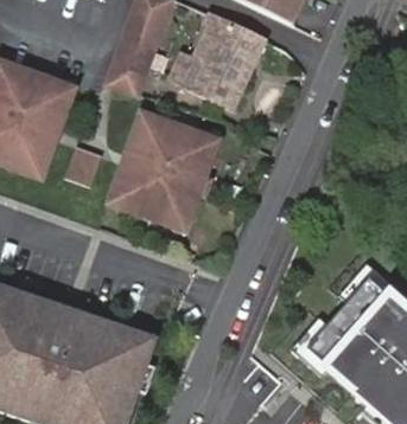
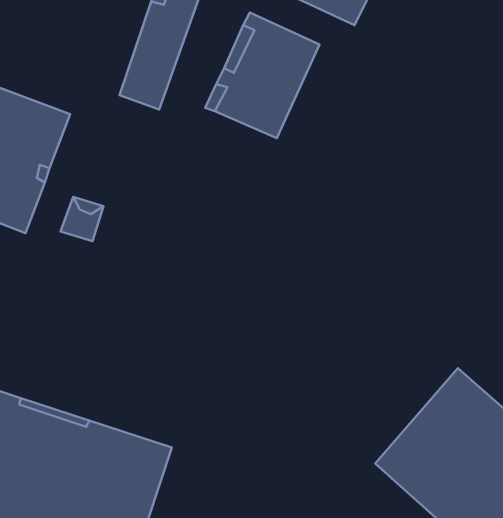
building: [110,111,218,227] -> none

